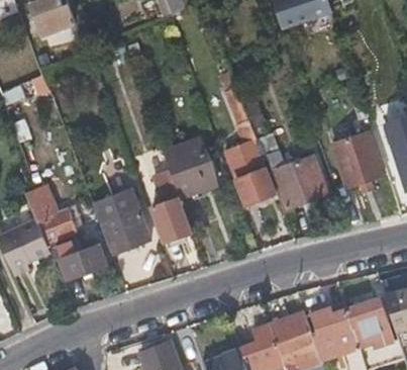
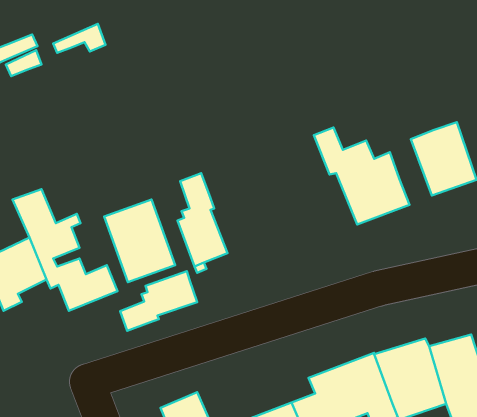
building: [223,89,274,205] -> none
building: [162,136,216,199] -> none
building: none -> [120,271,197,331]

